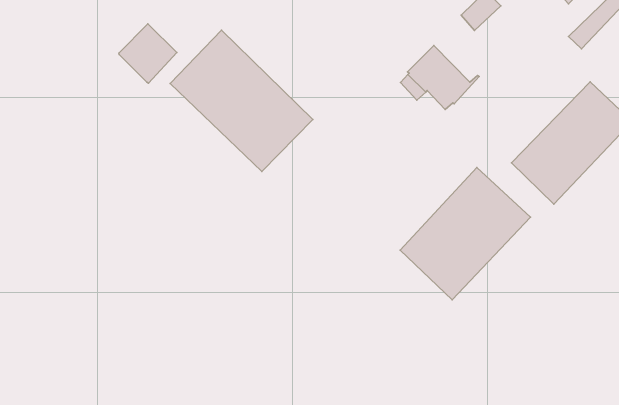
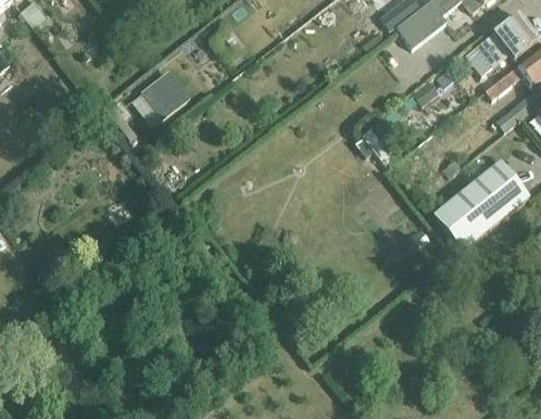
building: [170,30,313,171] -> none
building: [400,167,531,300] -> none

